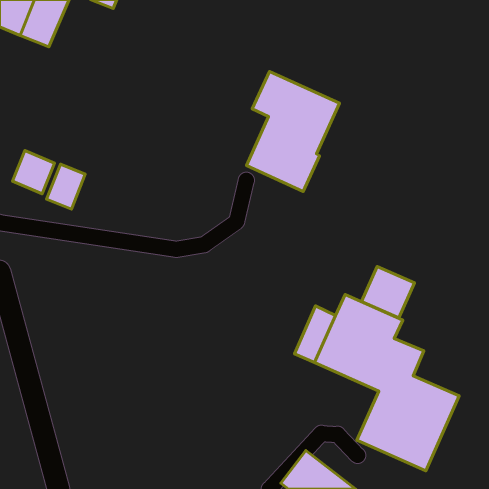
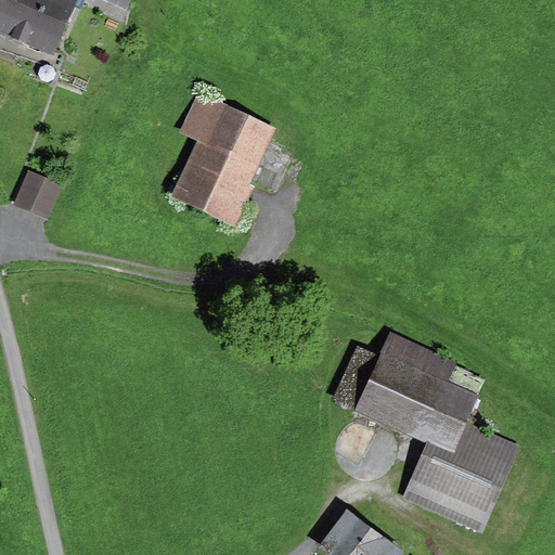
building: [247,72,340,191] -> [170,91,275,227]
building: [47,164,85,209] -> none
building: [361,266,415,318] -> none

